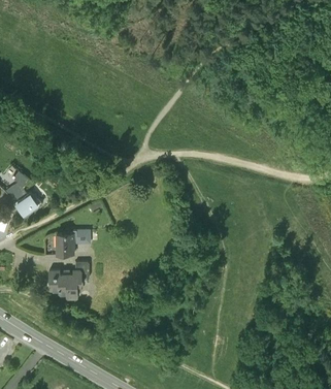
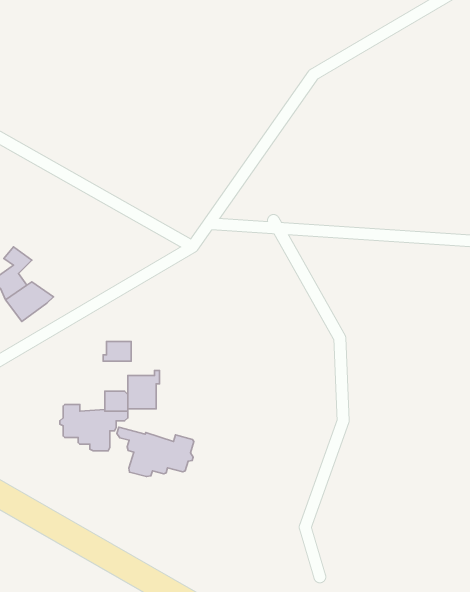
building: [57,230,76,254] -> [128,371,159,409]
building: none -> [117,427,194,477]

